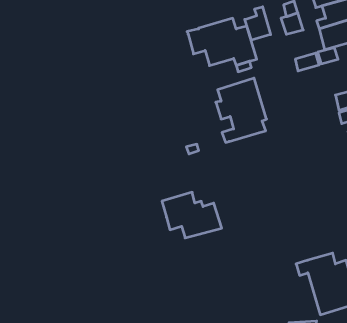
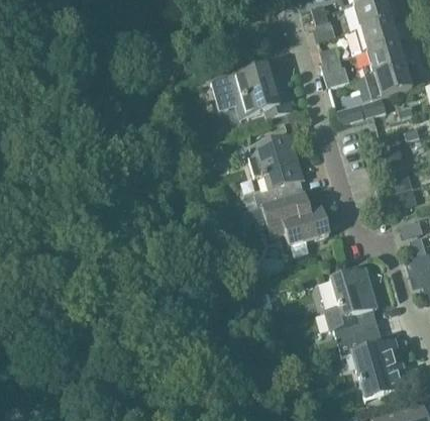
building: [245,7,271,40] -> none
building: [162,192,222,238] -> [261,192,329,243]
building: none -> [325,266,379,340]

